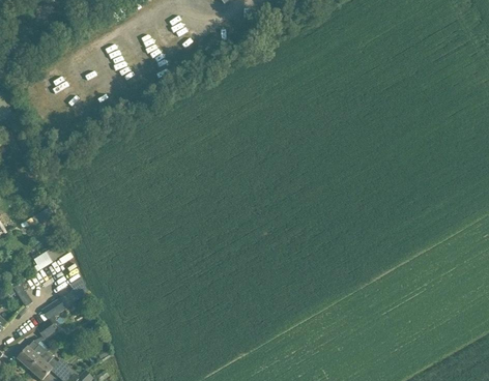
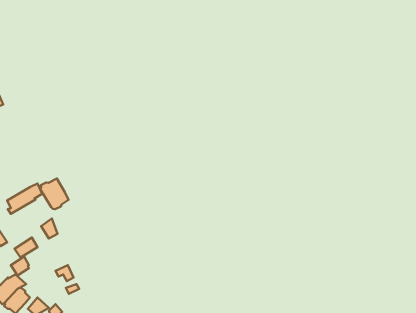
building: none -> [40,178,69,209]

